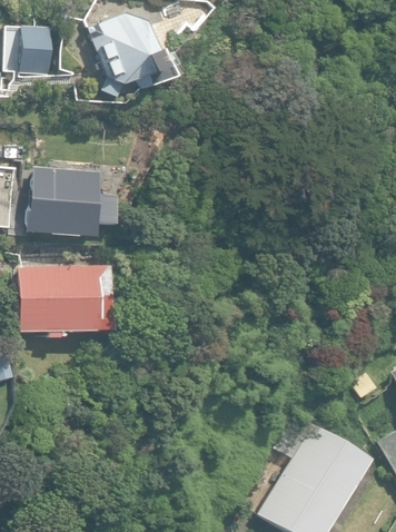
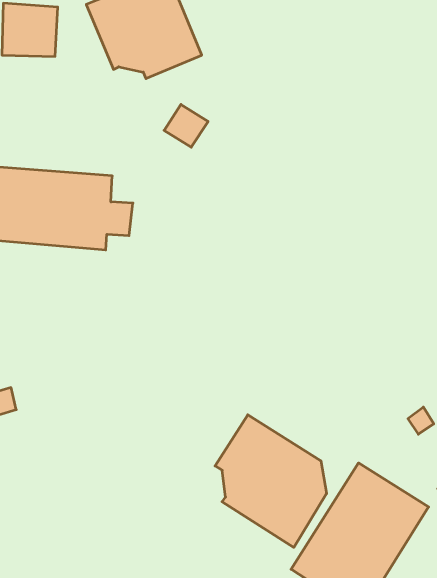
building: [19,266,118,337] -> none
building: none -> [215,415,327,547]

